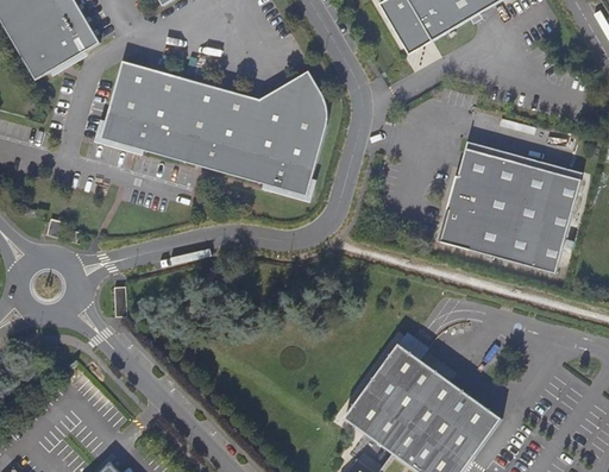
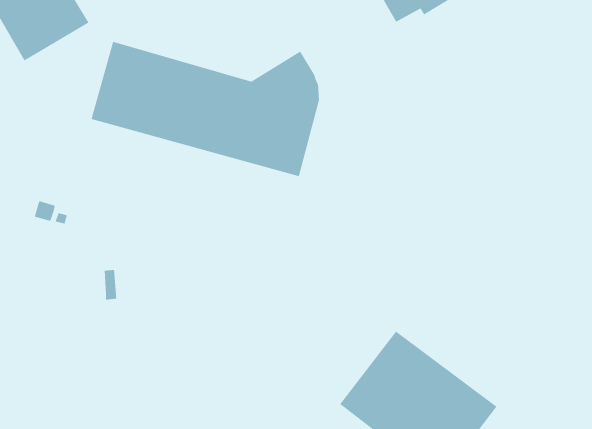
building: [437,146,580,272] -> none

